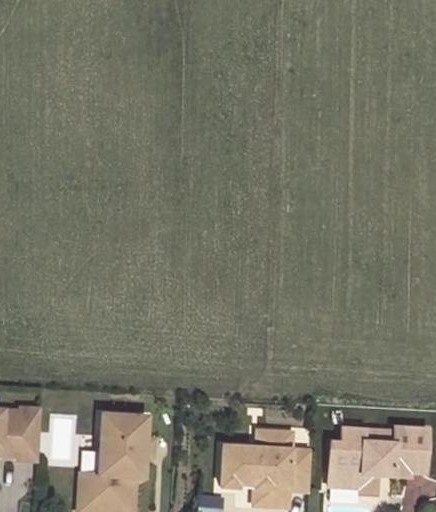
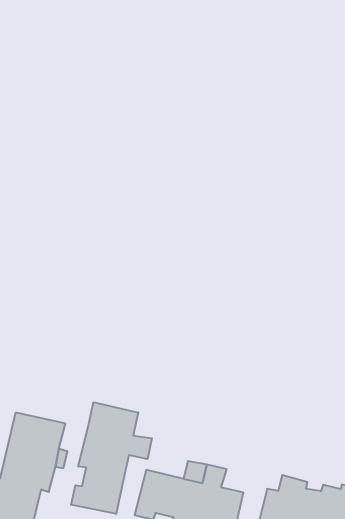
building: none -> [71,402,152,514]

